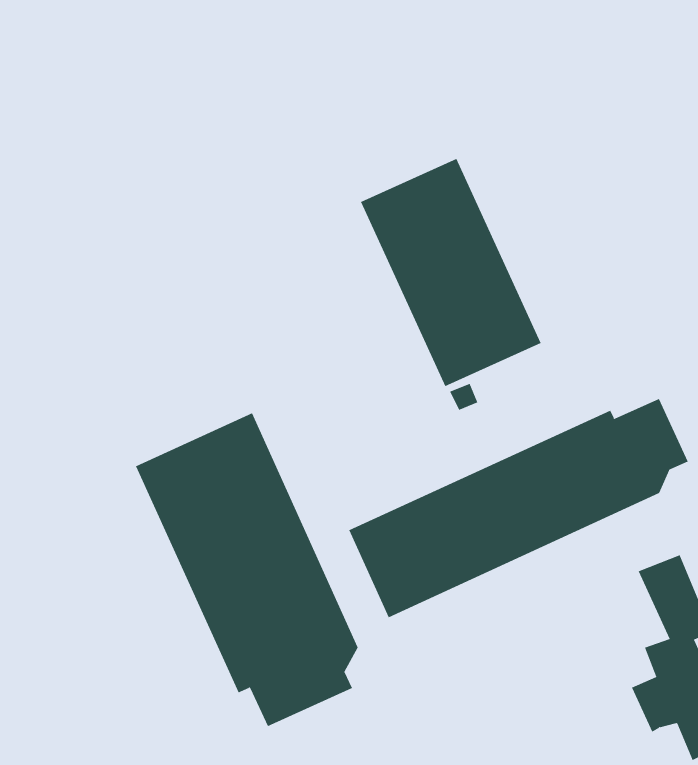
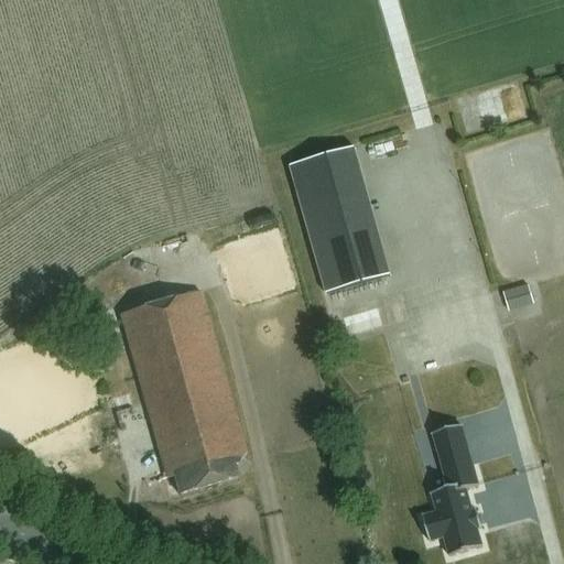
building: [349,398,689,618] -> none

